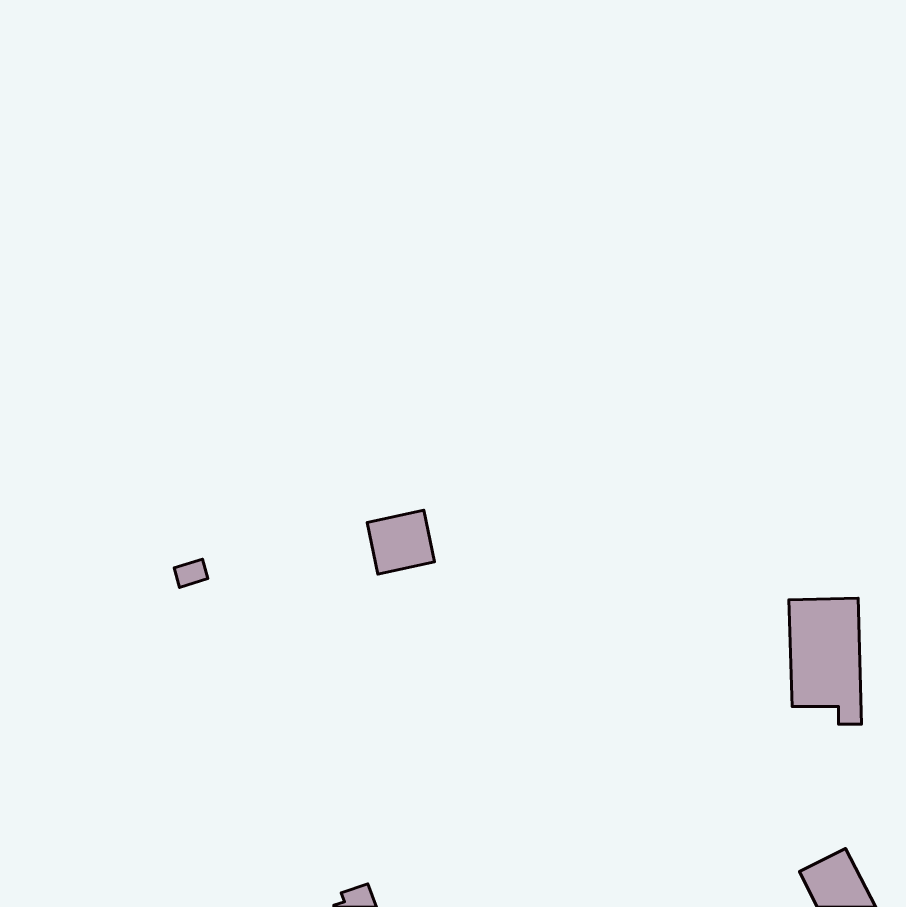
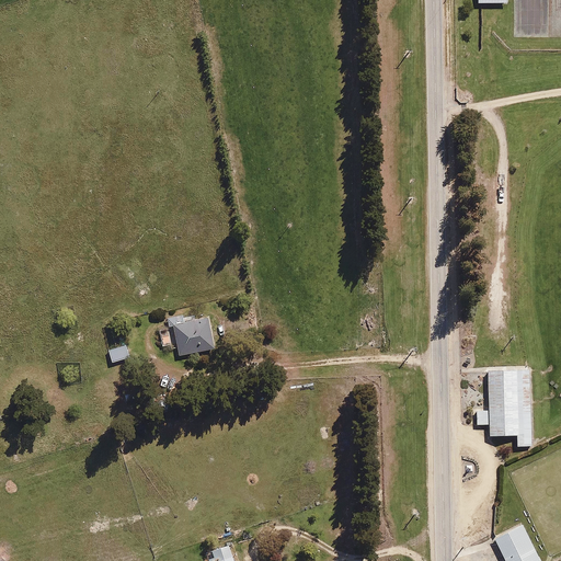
building: [367,510,435,574] -> [172,317,214,356]

